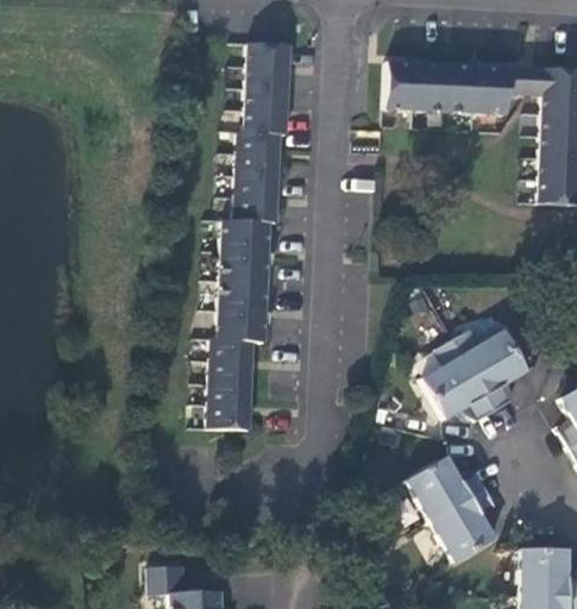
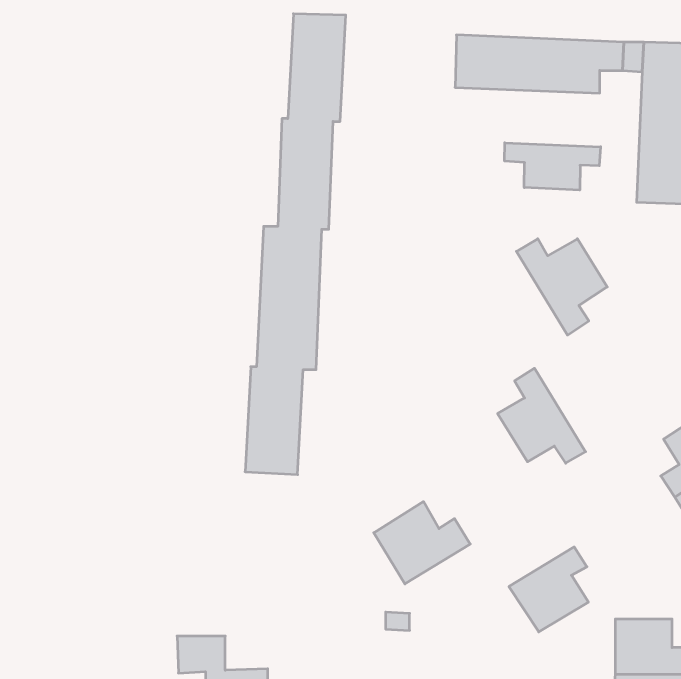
building: none -> [505,143,601,190]
building: [450,329,526,410] -> [516,239,607,335]
building: [402,454,483,523] -> [374,502,470,584]

